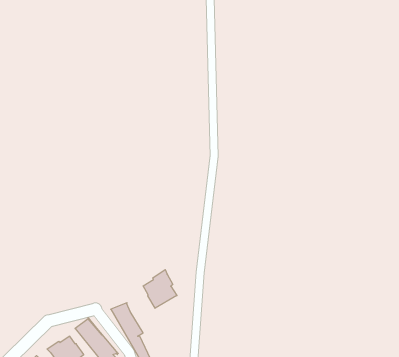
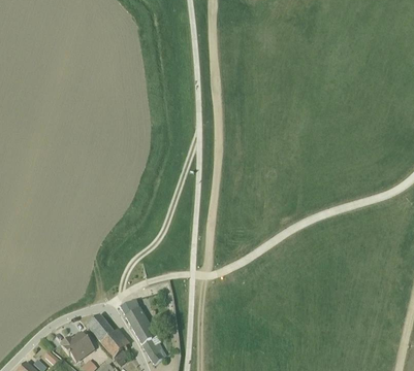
building: [143,270,177,308] -> none

